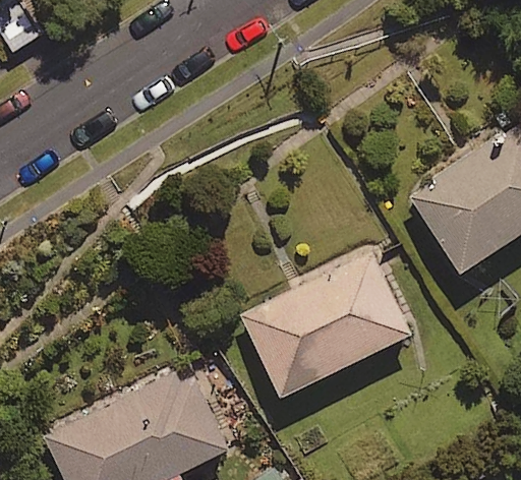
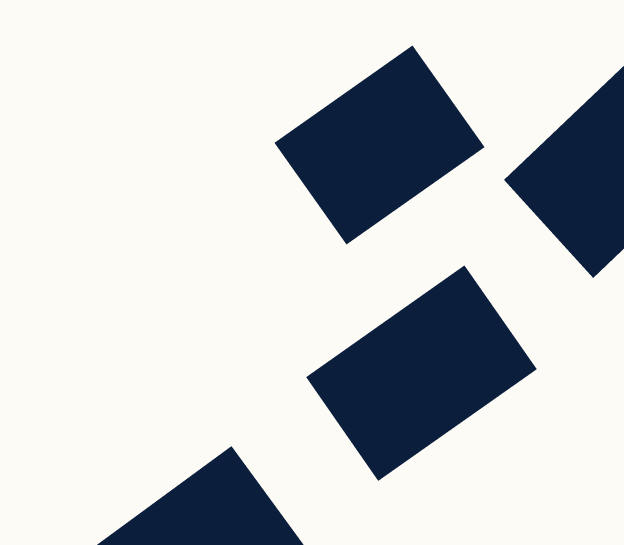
building: none -> [274,45,485,245]

